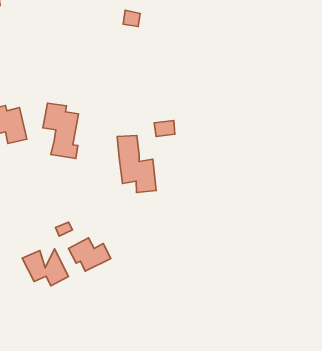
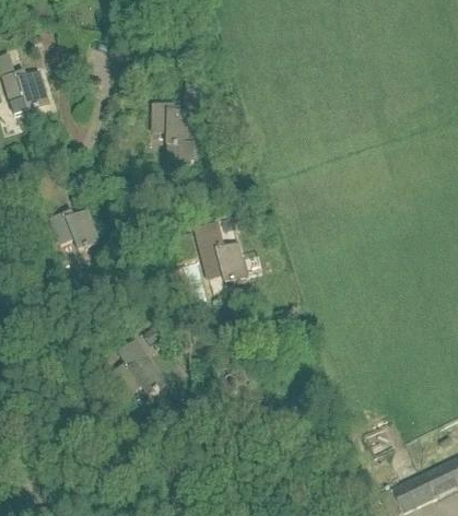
building: [43,103,79,158] -> [154,102,195,156]
building: [68,238,111,271] -> none

